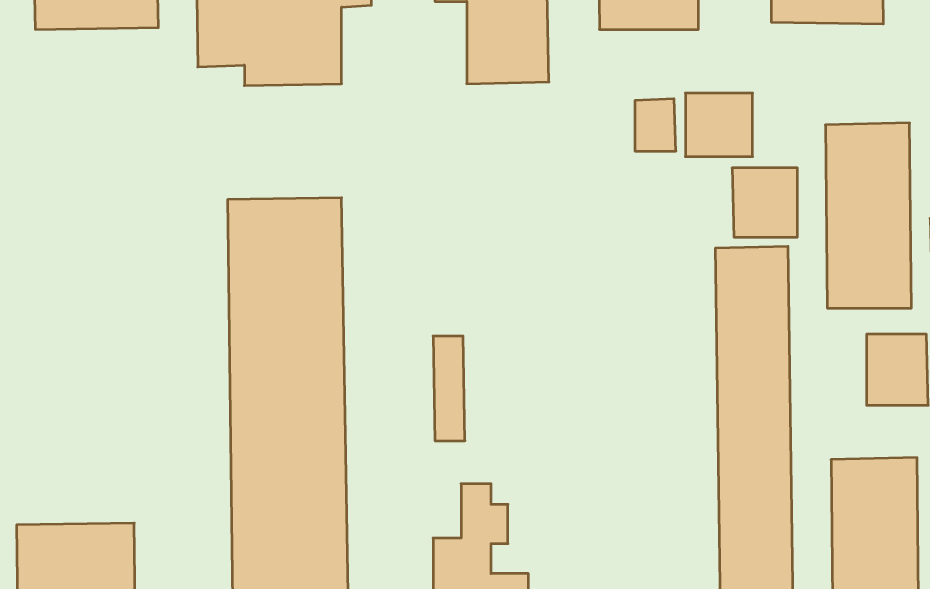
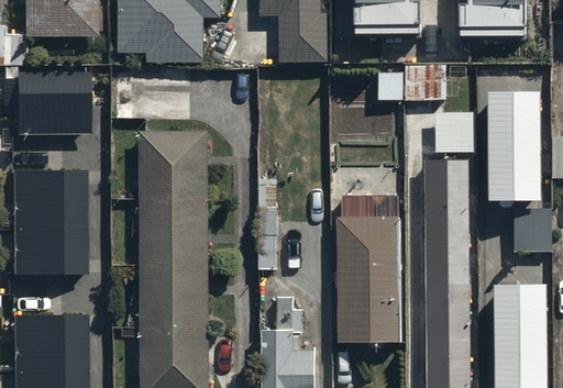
building: none -> [15,77,84,135]
building: none -> [12,175,82,274]
building: none -> [336,213,401,340]

